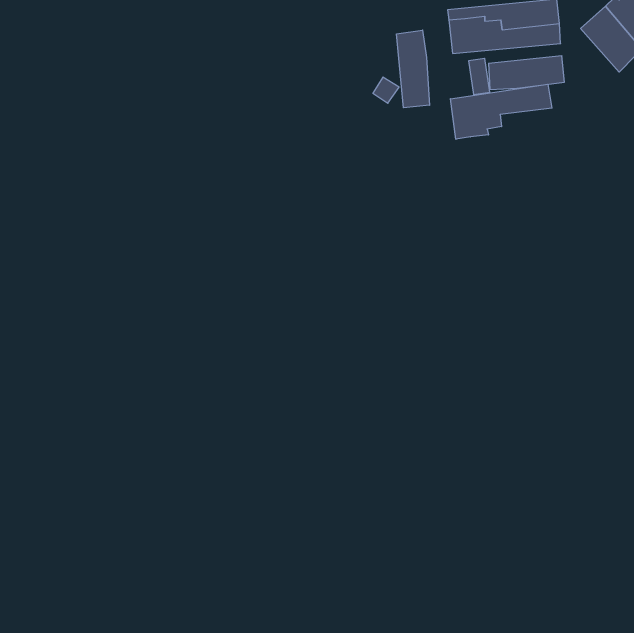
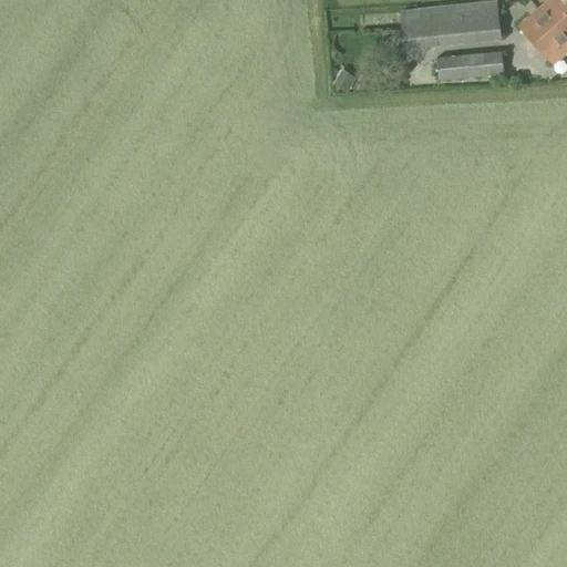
building: [397,30,430,108] -> none
building: [450,84,552,139] -> none

